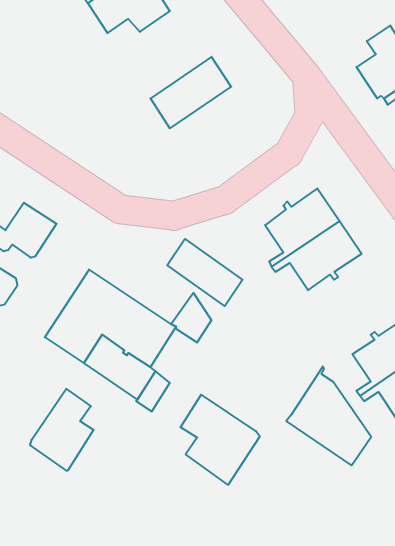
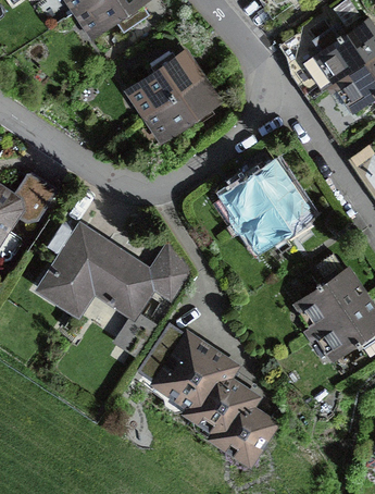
building: none -> [149,76,217,135]
building: [167,239,243,306] -> none
building: [286,366,371,465] -> [193,368,264,450]
building: [30,389,94,471] -> none

